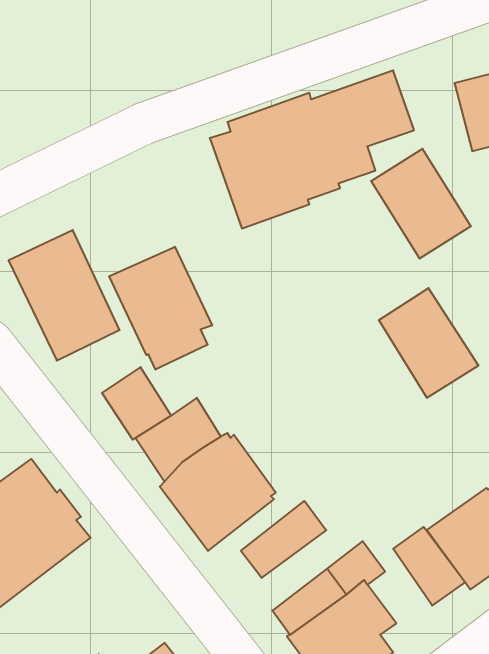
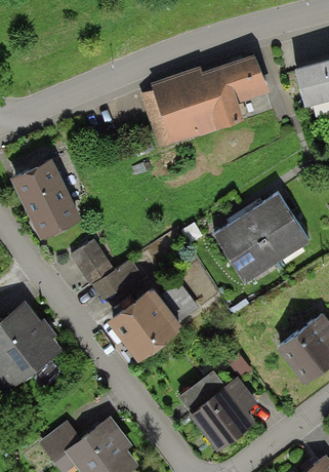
building: [371,149,471,258] -> [214,212,278,282]
building: [109,247,212,370] -> none
building: [241,501,326,578] -> none
building: [393,527,465,606] -> none

